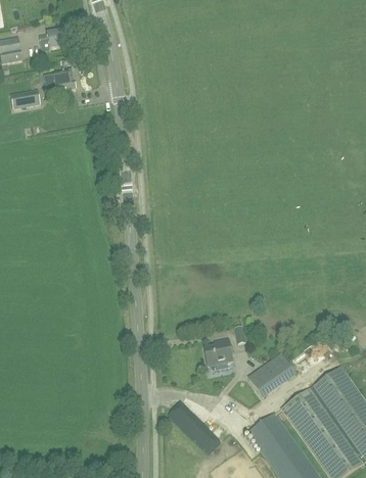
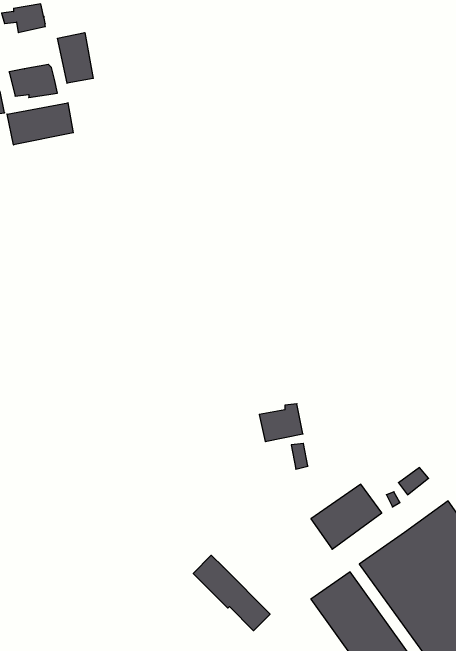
building: none -> [58,33,93,83]
building: none -> [7,103,73,145]
building: [203,339,233,365] -> [259,404,303,442]

